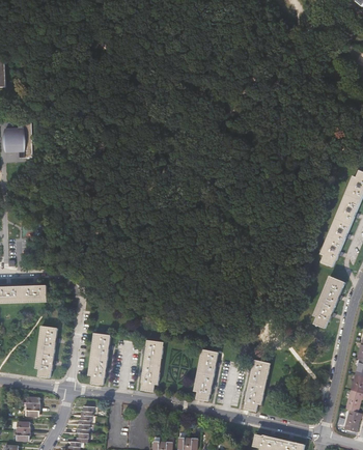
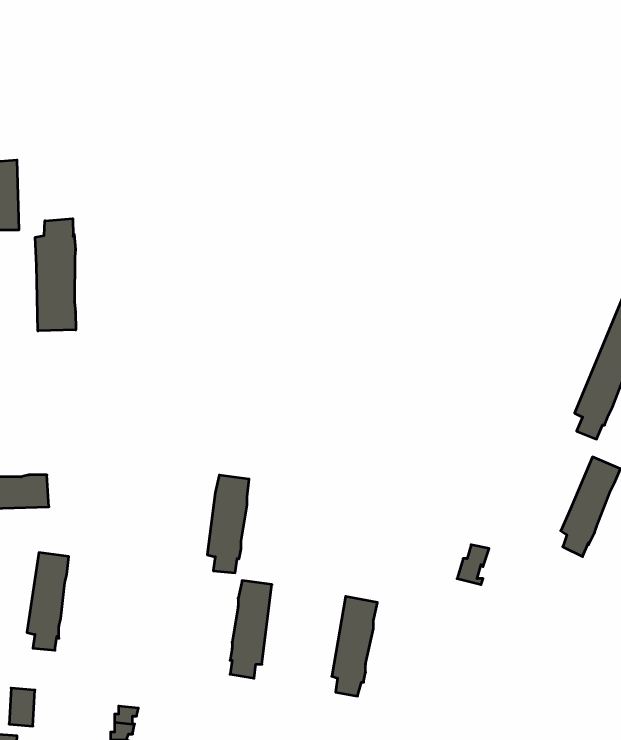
building: none -> [35,219,76,331]
building: [88,333,110,384] -> [207,475,249,573]
building: [244,359,270,411] -> none

